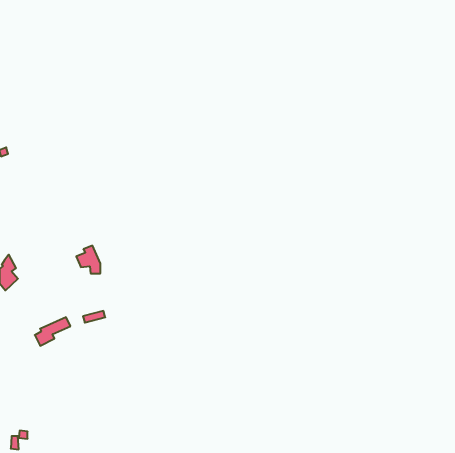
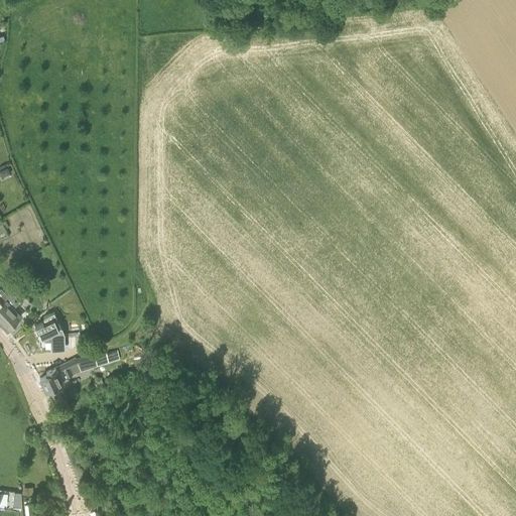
building: [76,246,100,273] -> [35,316,62,348]

